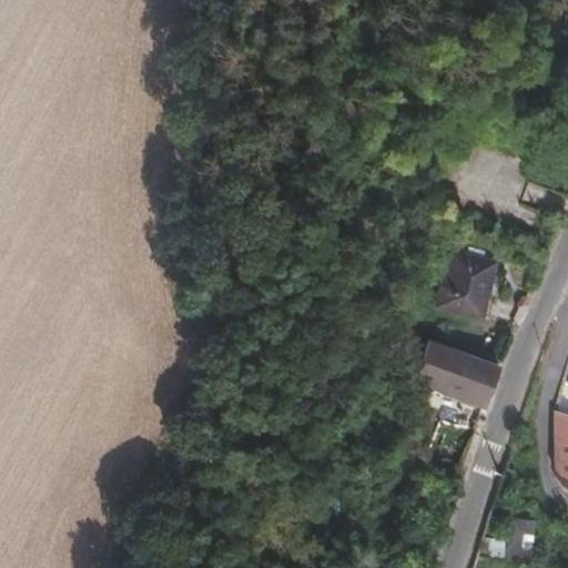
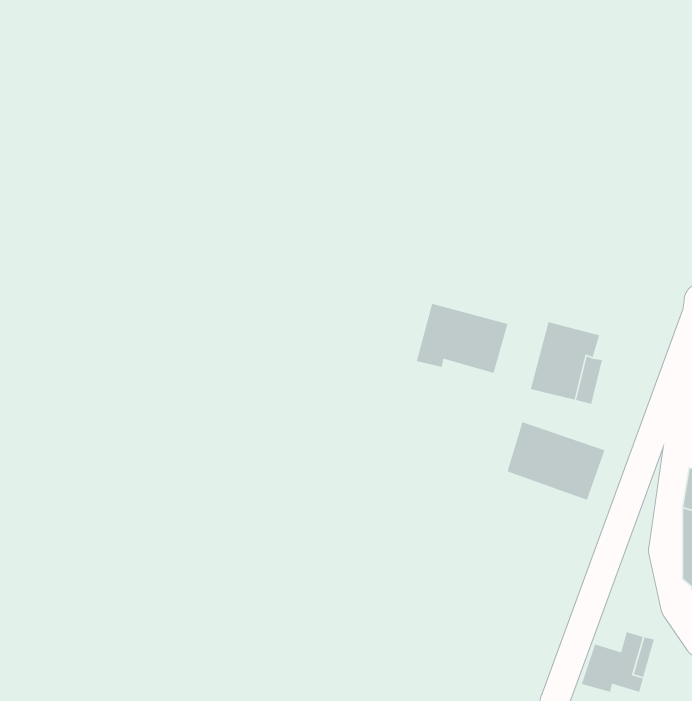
building: none -> [416,303,508,374]

